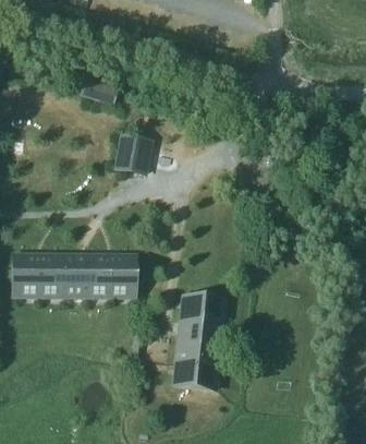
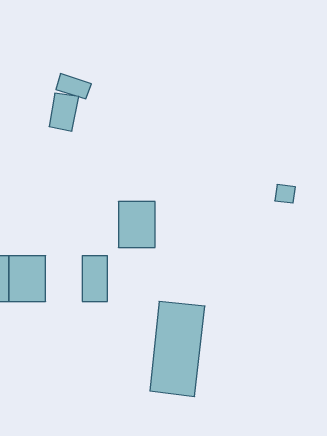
building: [114,134,143,170] -> [49,93,79,131]
building: [73,253,108,297] -> [118,202,155,247]

